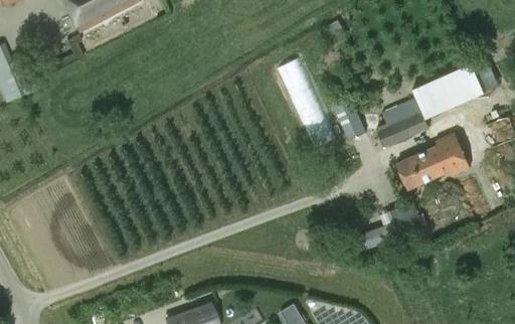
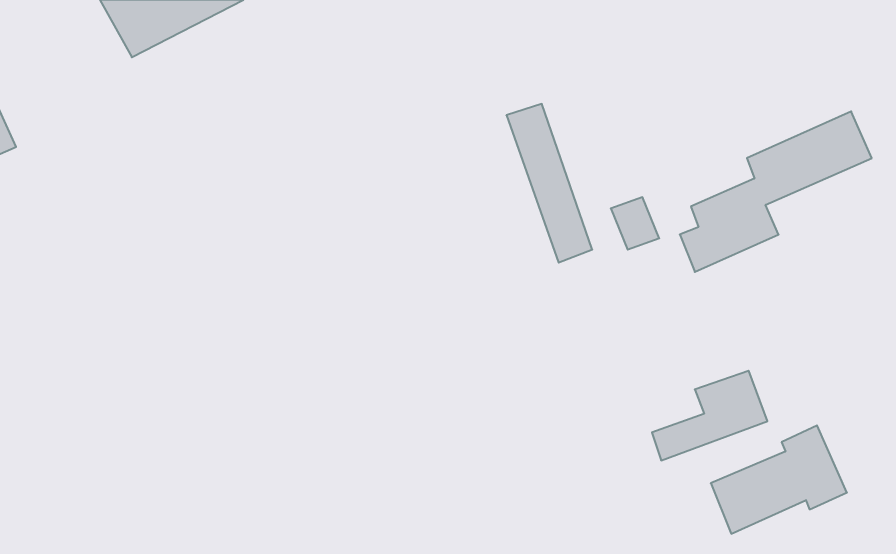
building: [397,132,471,190] -> [711,425,847,534]

